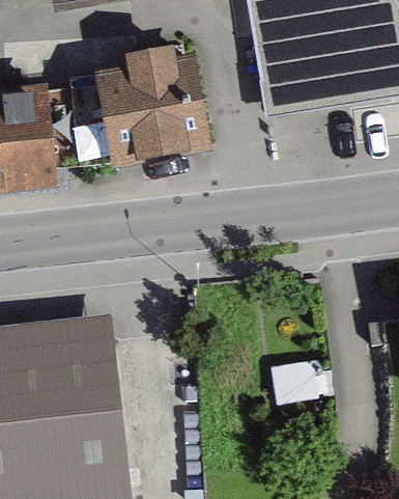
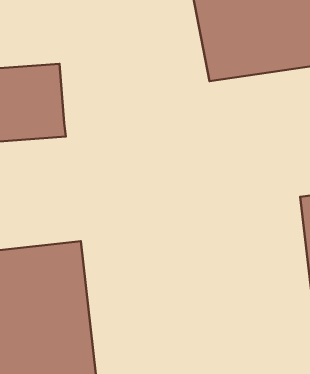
building: [79,38,219,167] -> none

